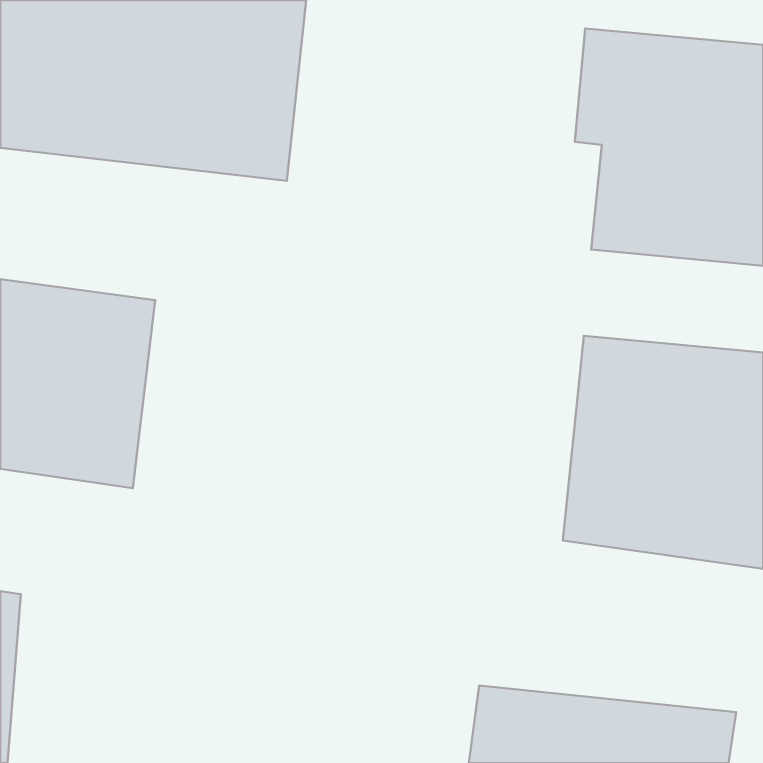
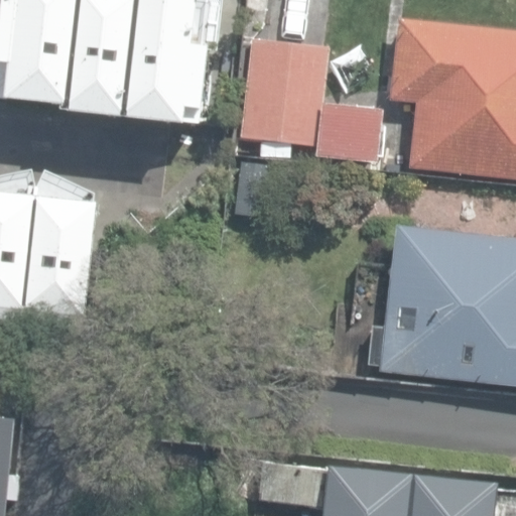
building: none -> [235,35,382,159]

